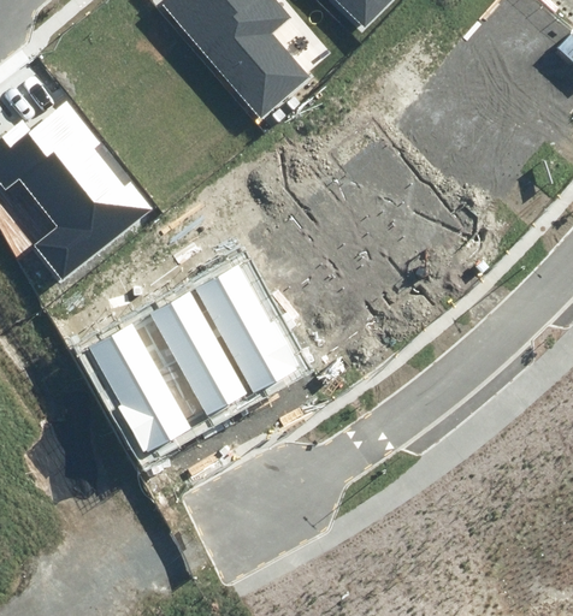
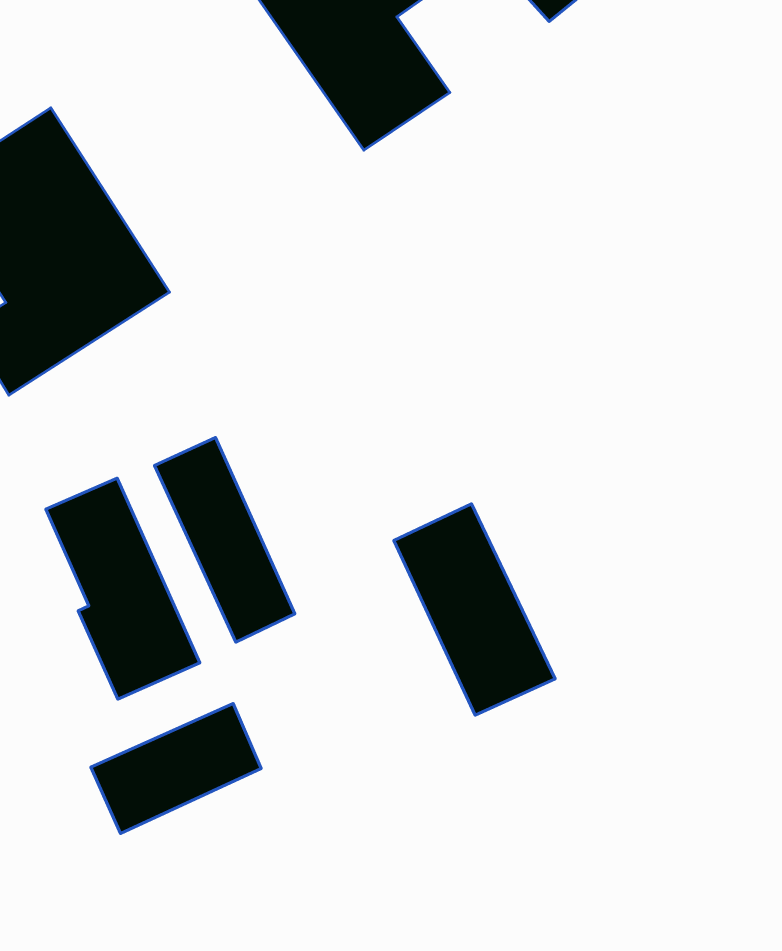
building: [193,262,297,389] -> [394,504,555,715]
building: none -> [91,703,261,834]

